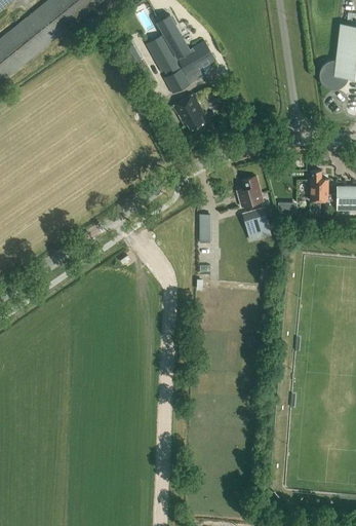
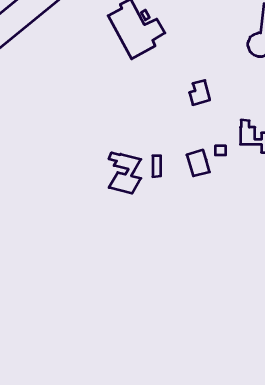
building: [173,95,206,134] -> none
building: [237,176,263,206] -> [189,80,210,105]
building: none -> [109,153,141,193]

